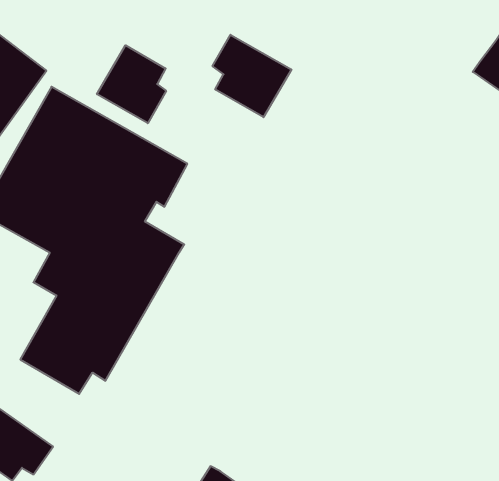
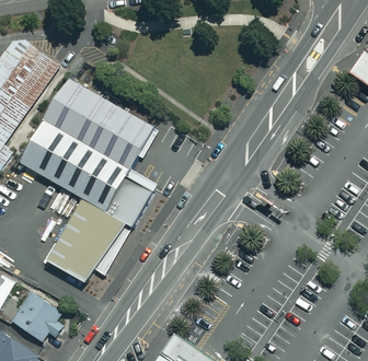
building: [213,35,291,117] -> none
building: [97,45,166,123] -> none

